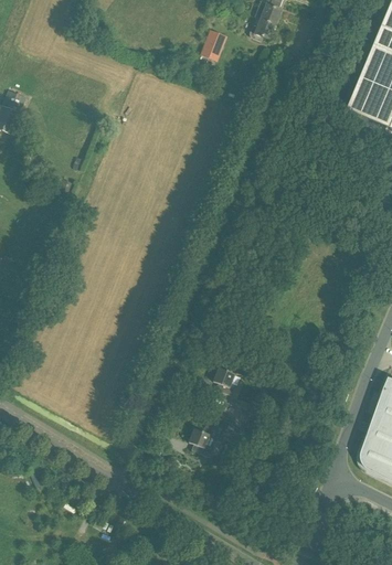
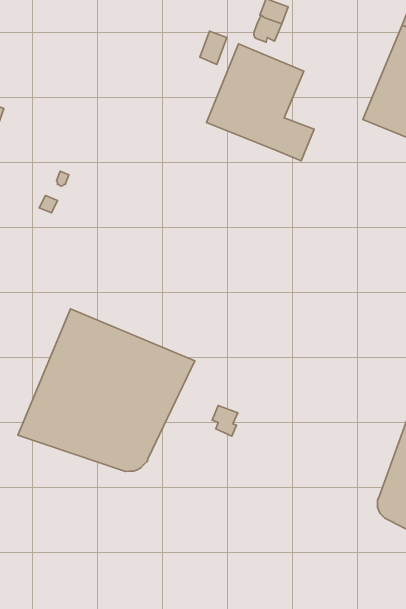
building: none -> [206,44,314,161]
building: none -> [18,309,195,471]
building: [188,427,216,456] -> none

